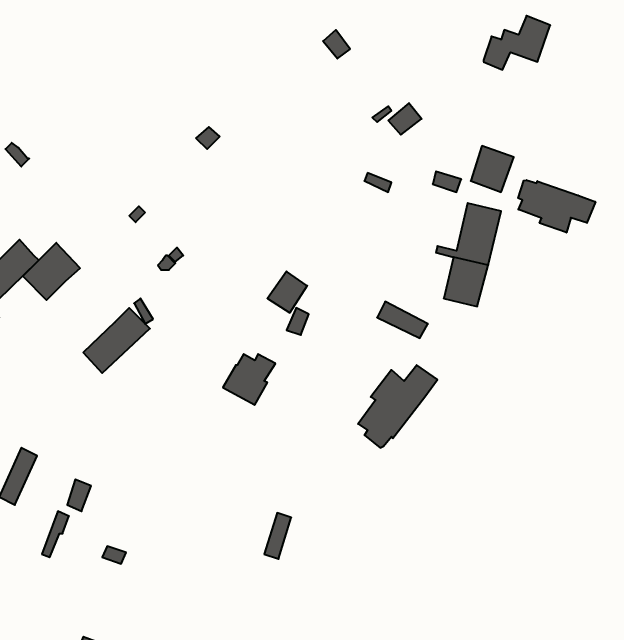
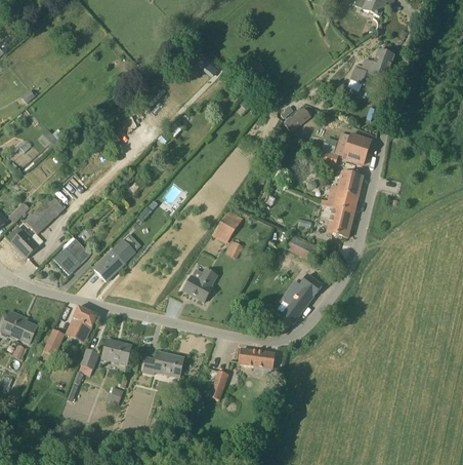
building: [518,180,595,233] -> none
building: [23,243,80,300] -> [53,237,90,274]
building: none -> [66,306,97,342]
building: none -> [101,339,131,364]
building: none -> [239,348,275,369]
building: none -> [142,351,183,377]

